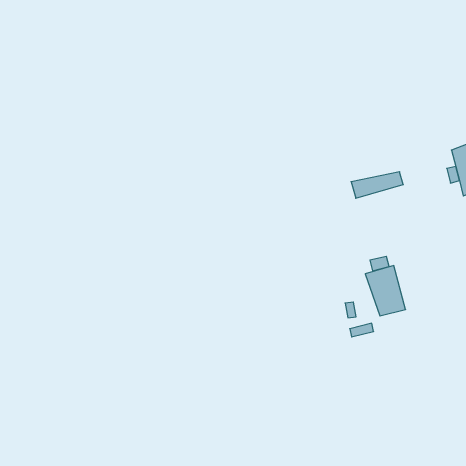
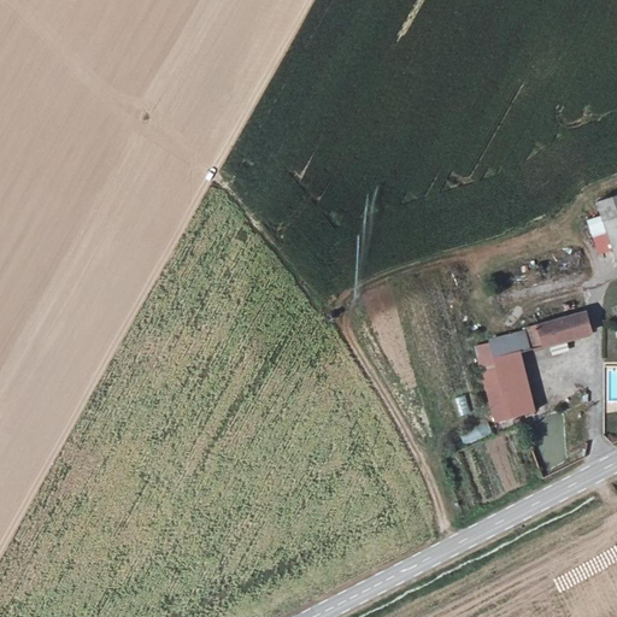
building: [351,172,403,198] -> [515,317,583,352]

